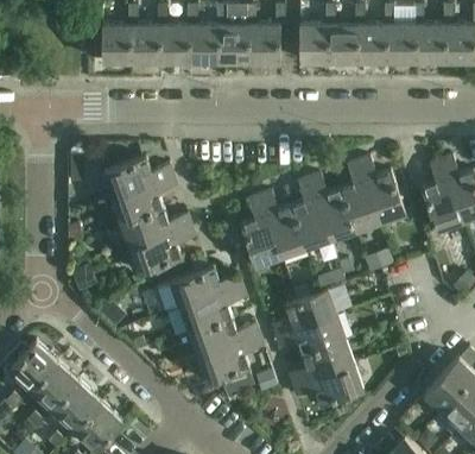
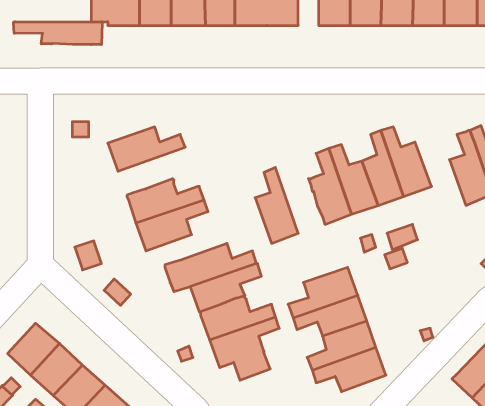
building: none -> [14,22,102,45]
building: [112,177,178,222] -> none
building: [259,191,305,258] -> none

